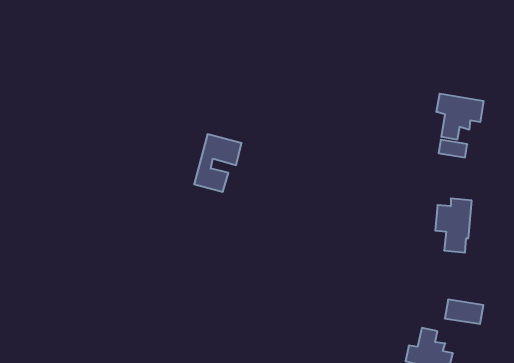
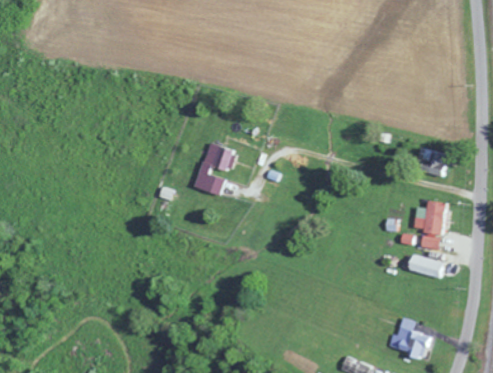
building: [436,94,484,140] -> none
building: [445,300,483,324] -> [410,256,445,278]

